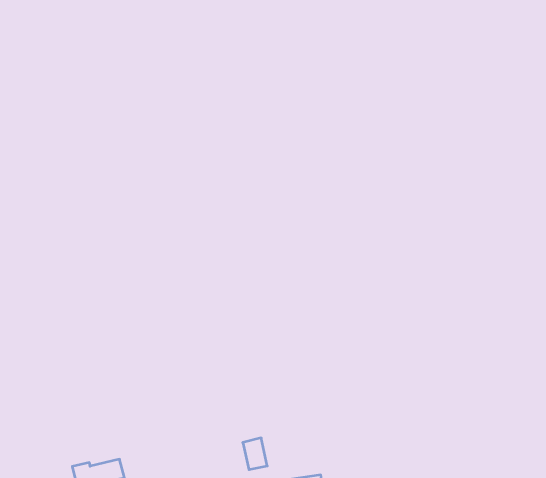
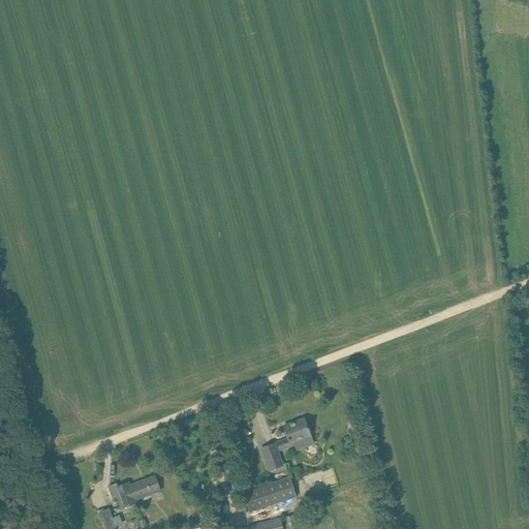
building: none -> [283,418,311,448]

